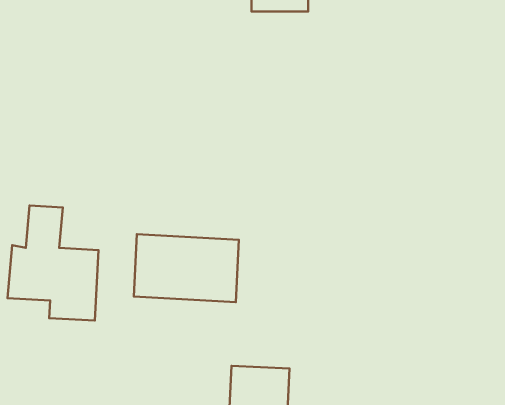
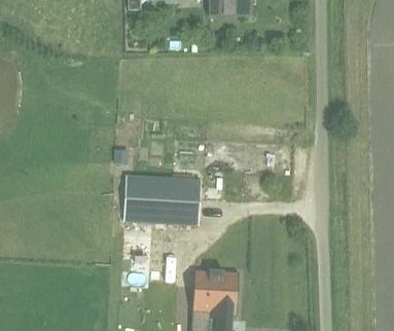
building: [8,206,99,321] -> none

